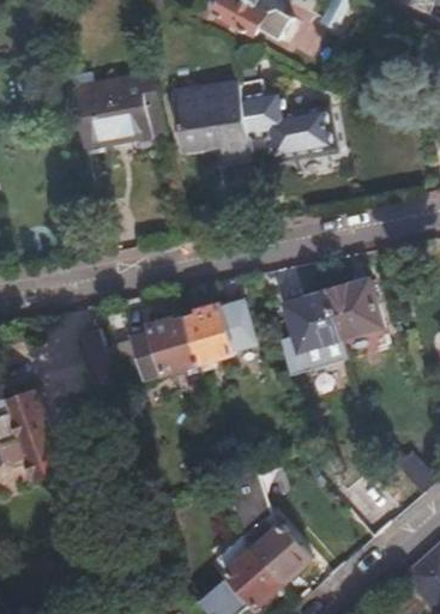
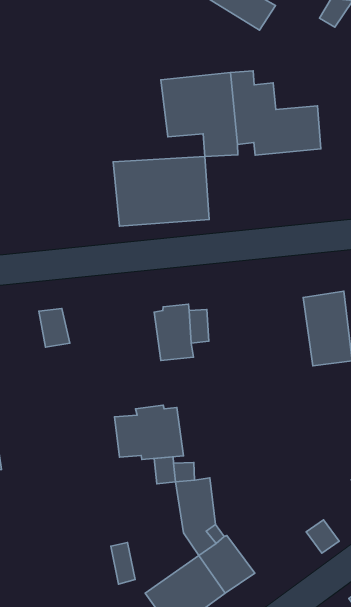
building: [73,78,170,152] -> [113,157,209,226]
building: [289,289,346,363] -> none
building: [131,315,200,369] -> [115,405,184,459]

